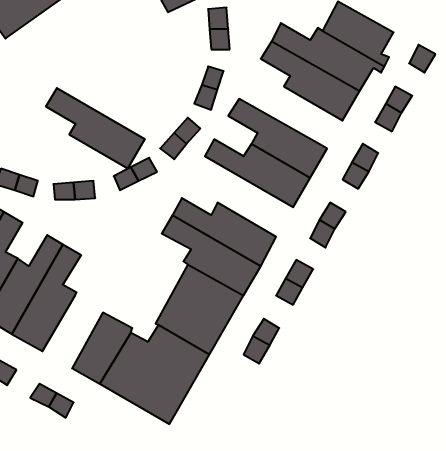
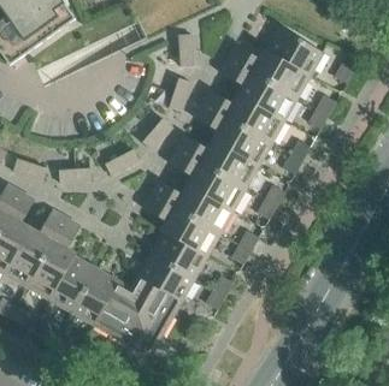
building: none -> [202,88,283,141]
building: [46,88,145,169] -> [167,147,244,209]
building: none -> [49,255,96,311]

